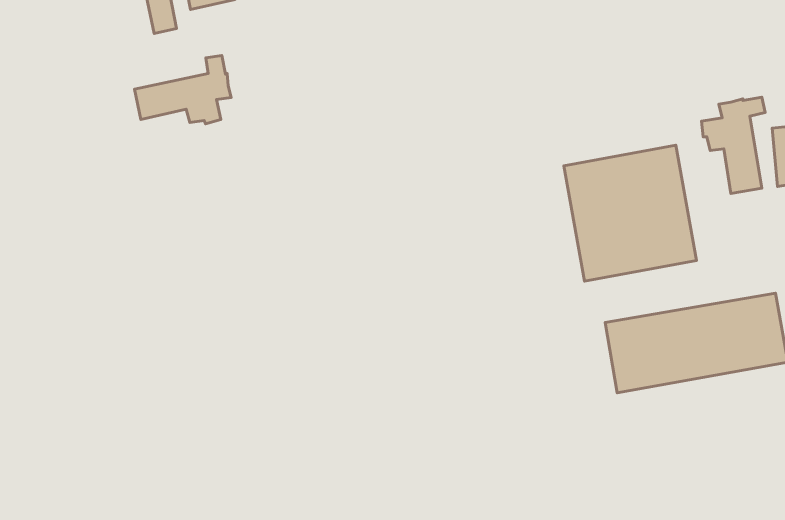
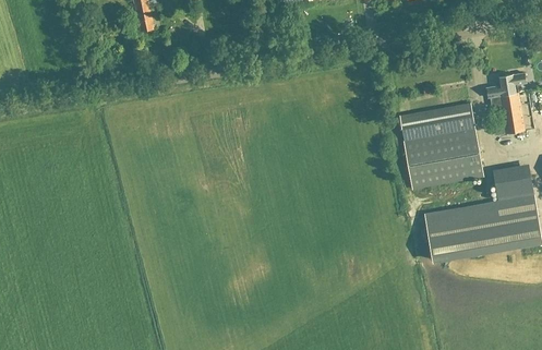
building: [134,55,231,124] -> none
building: none -> [491,164,533,197]

